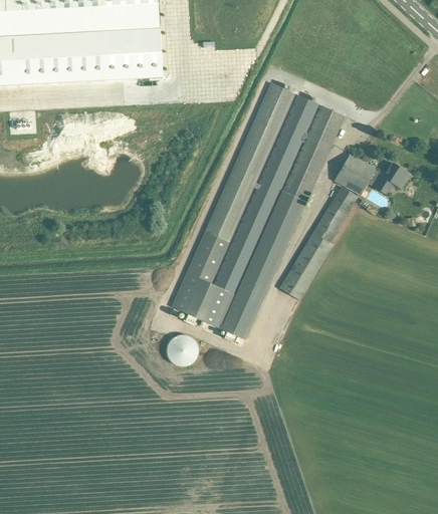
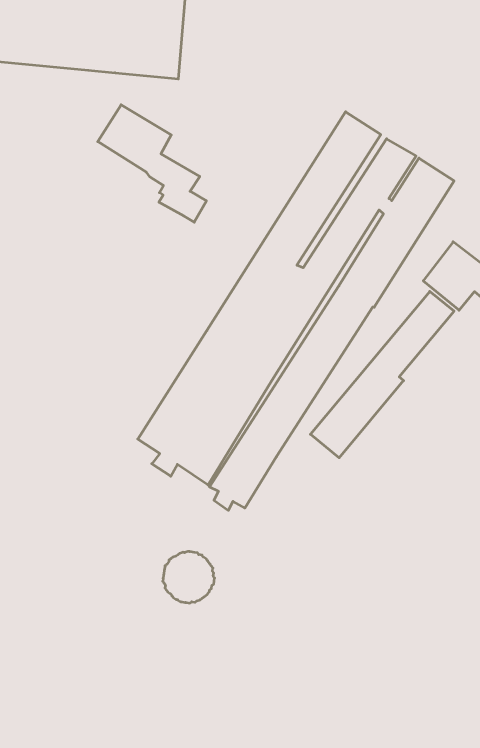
building: none -> [98,105,206,222]
building: [166,334,198,366] -> [163,551,215,603]

